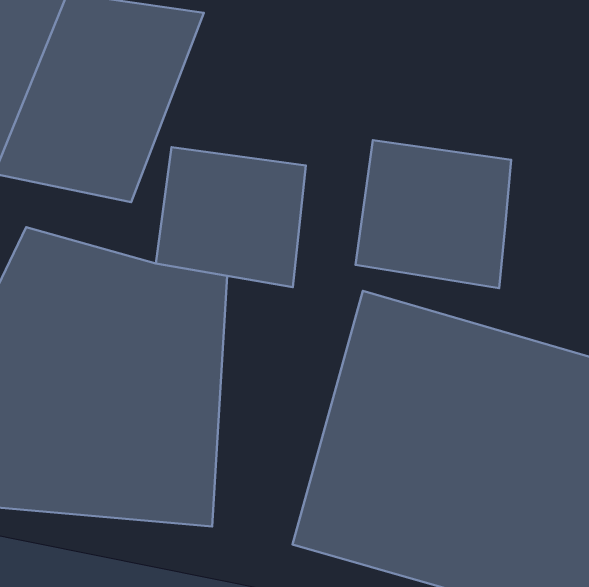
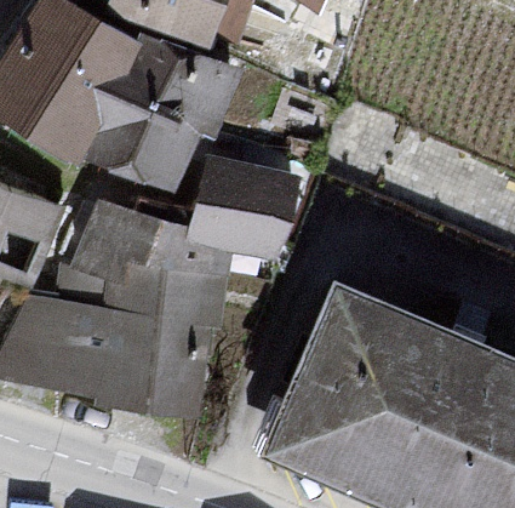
building: [355,140,511,288] -> none

